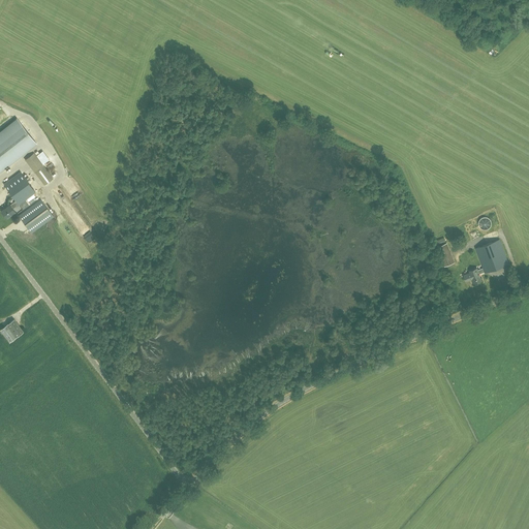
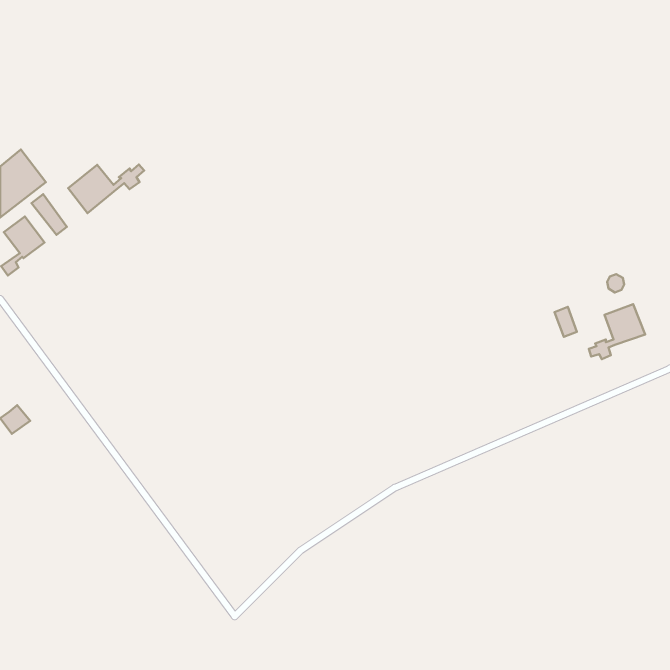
building: none -> [68,165,144,213]
building: [19,199,54,234] -> none

